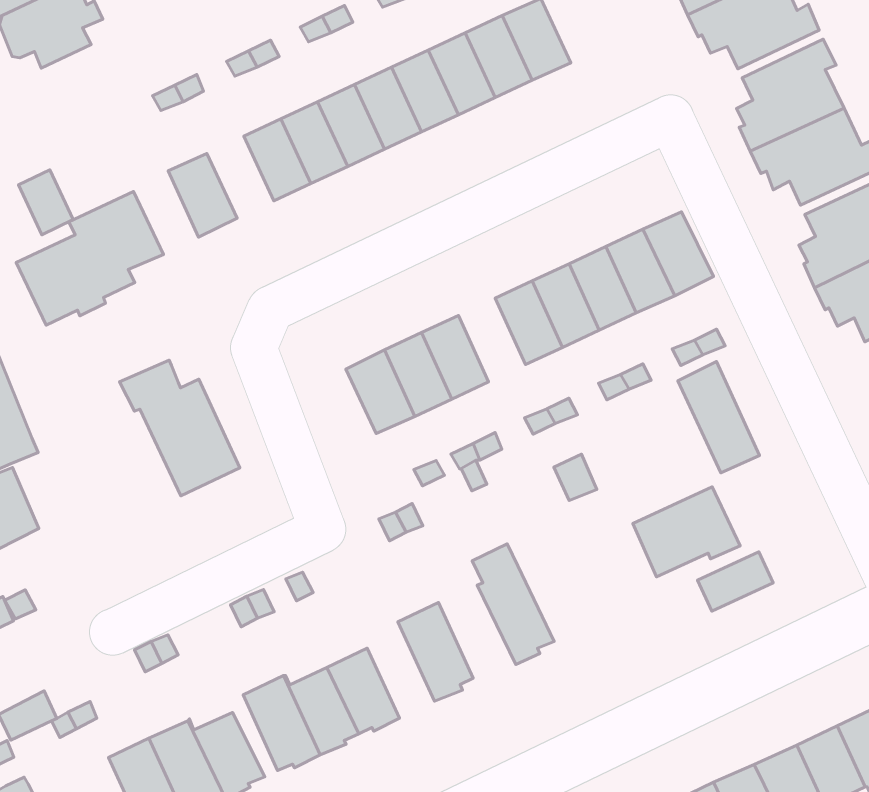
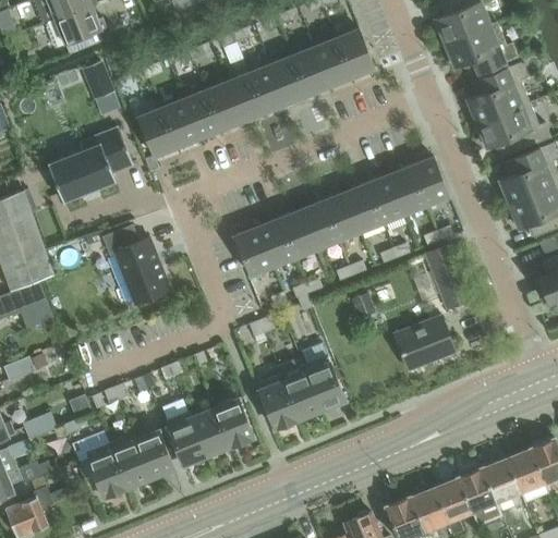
building: none -> [161,100,198,147]
building: [18,170,73,235] -> [83,62,113,99]
building: none -> [301,201,338,249]
building: [697,552,773,611] -> none
building: none -> [277,358,323,419]

